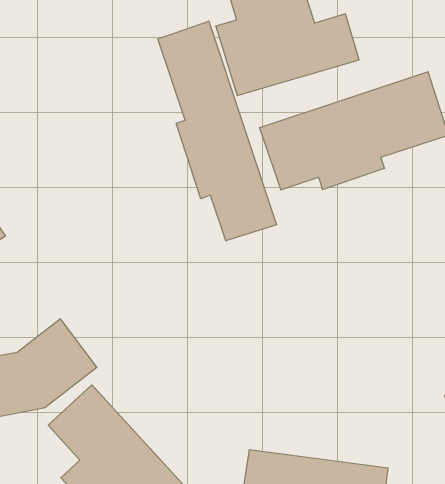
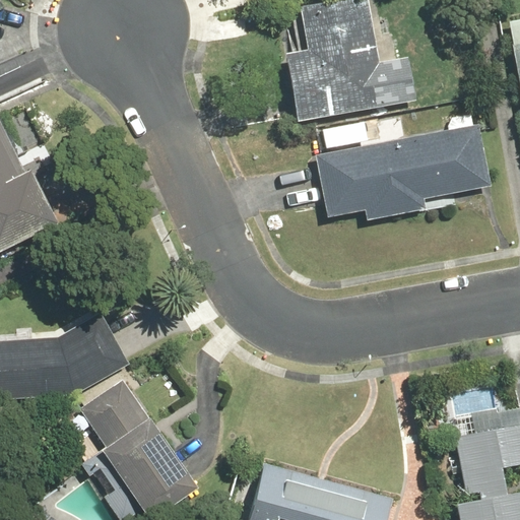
building: [158,21,277,241] -> none

